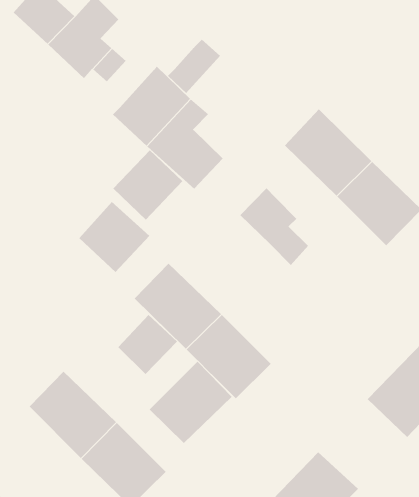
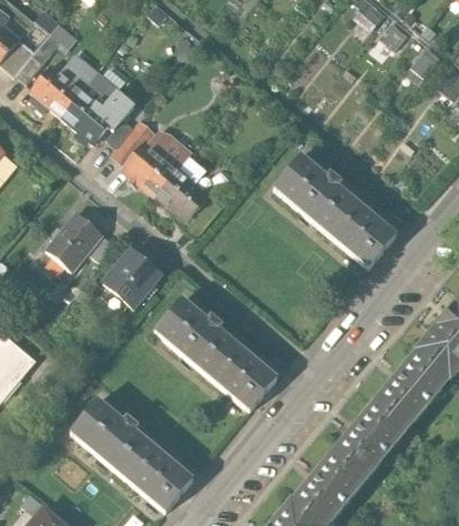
building: [167,39,221,94] -> [112,118,157,166]
building: [113,149,183,220] -> [45,211,106,273]
building: [239,188,309,266] -> none
building: [118,314,178,375] -> none
building: [149,361,232,444] -> none
building: none -> [326,404,402,483]

